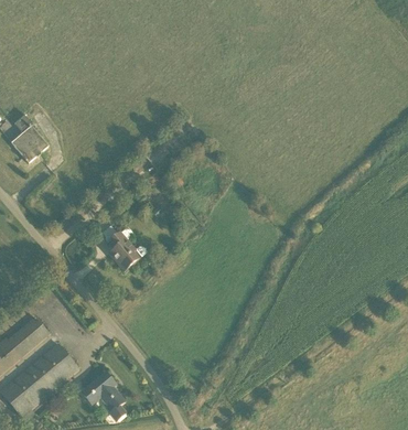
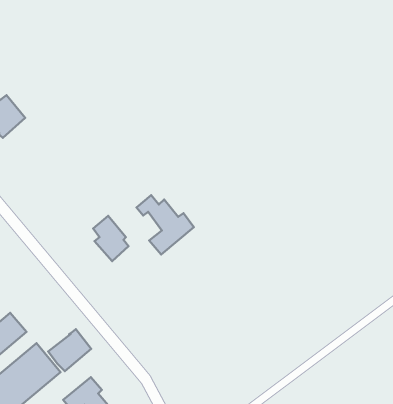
building: none -> [137,195,194,255]
building: none -> [48,329,91,371]

